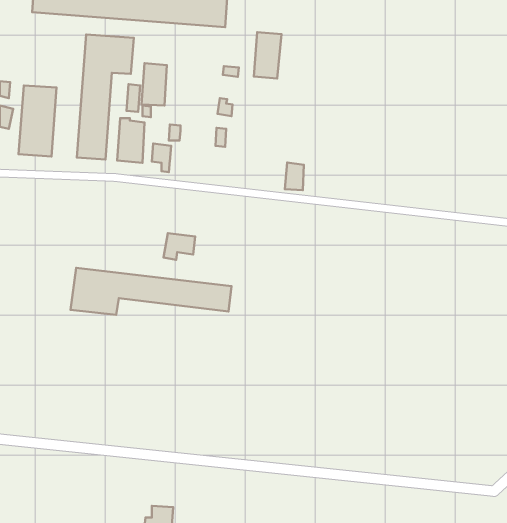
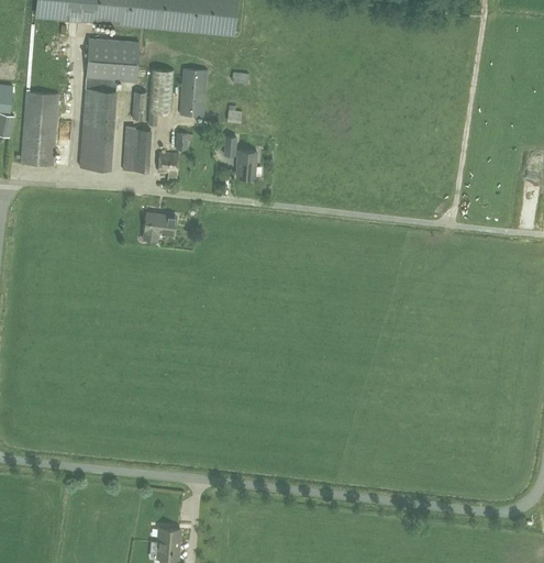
building: [254,32,281,79] -> [179,67,208,115]
building: [285,163,304,190] -> [236,148,256,177]
building: [163,233,195,260] -> [143,212,176,240]
building: [71,268,231,315] -> none

